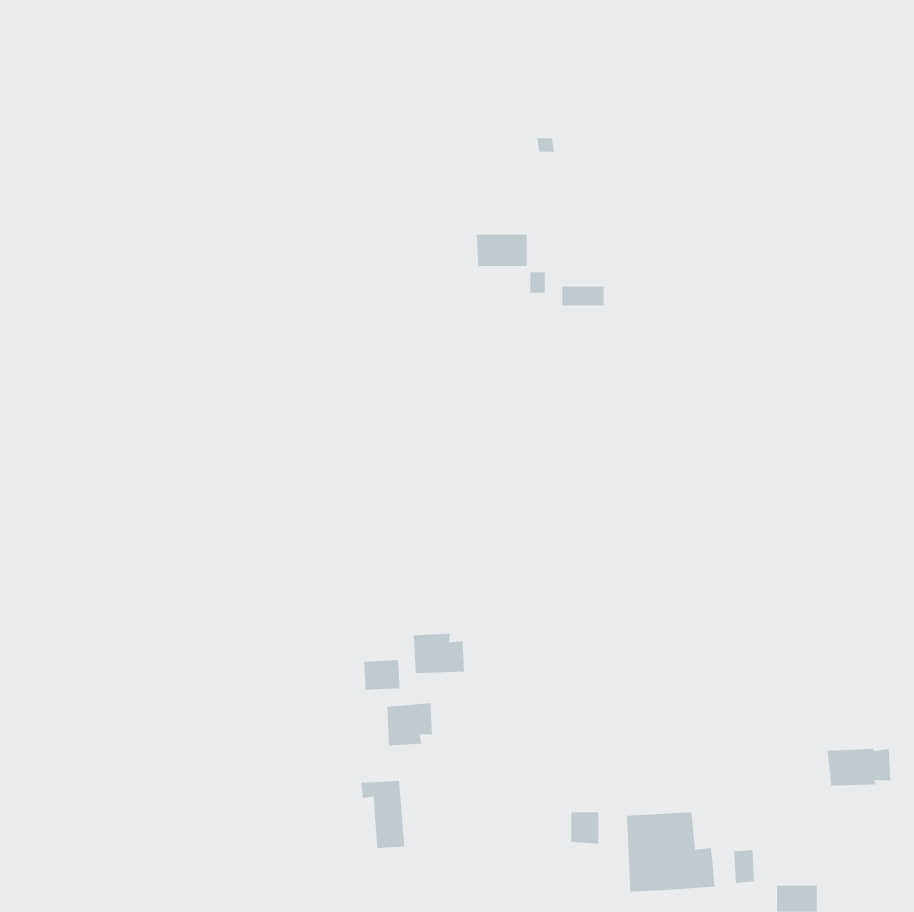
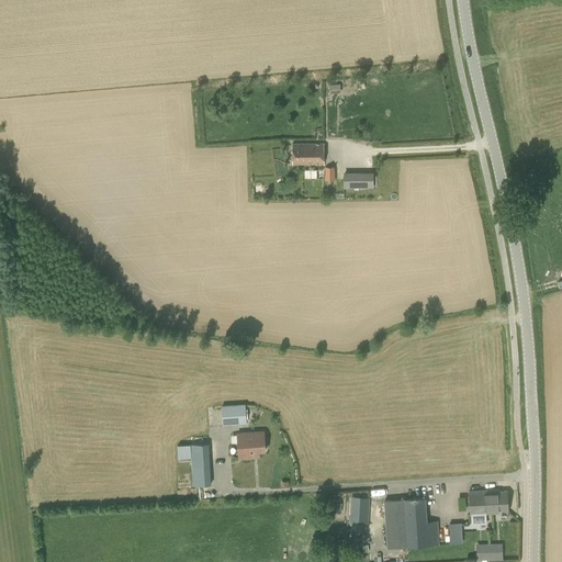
building: [413,633,465,674] -> none
building: [827,749,891,786] -> [469,492,508,515]
building: [360,781,405,849] -> [183,445,211,486]

